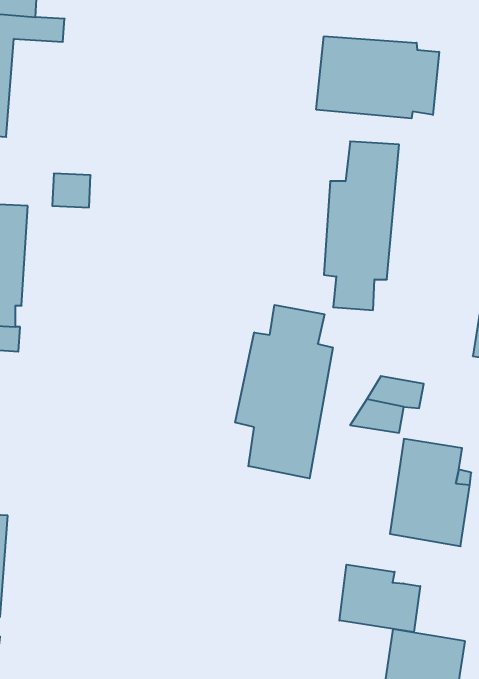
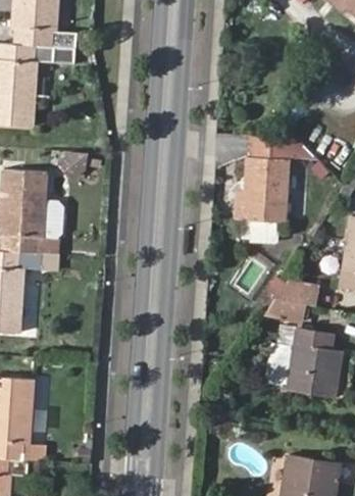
building: [316,36,439,118] -> none
building: [235,305,333,478] -> none
building: [339,565,420,632] -> none

